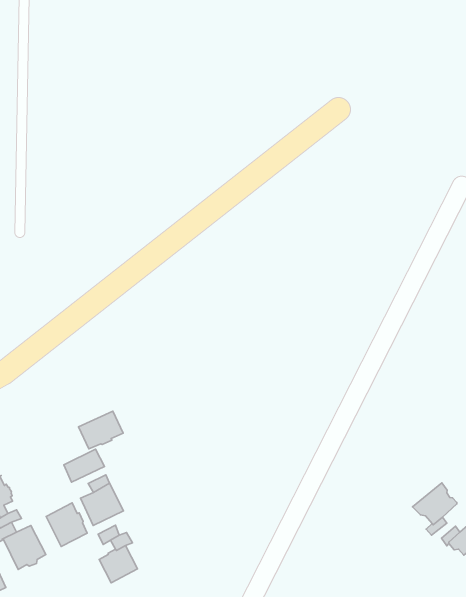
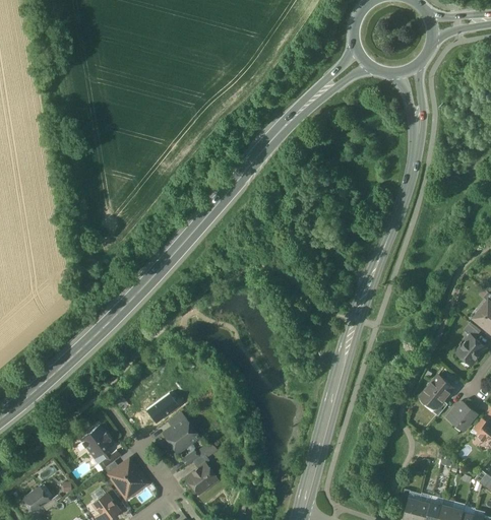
building: [78,411,123,449] -> none
building: [46,503,87,547] -> none

